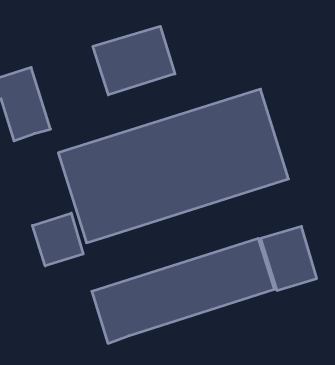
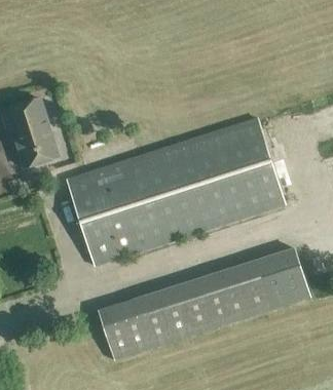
building: [93,26,175,95] -> none
building: [32,213,83,266] -> none

